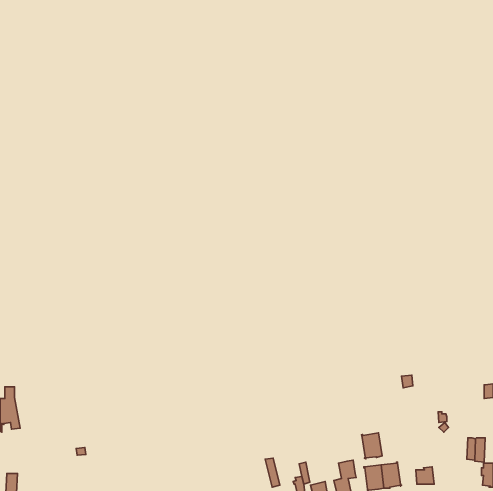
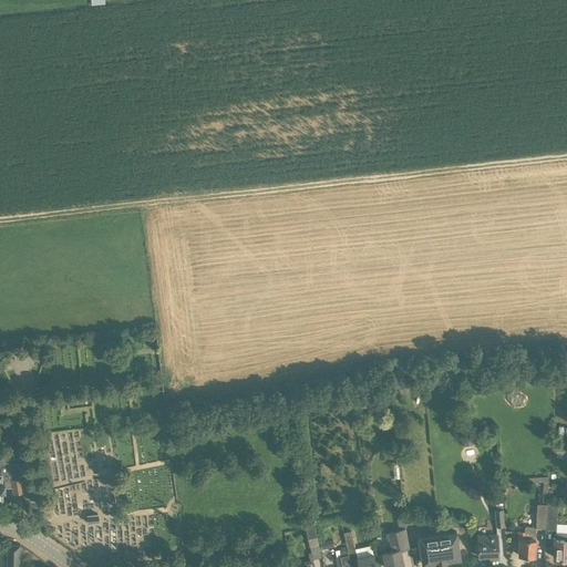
building: [362,433,382,459] -> none
building: none -> [517,528,536,560]

